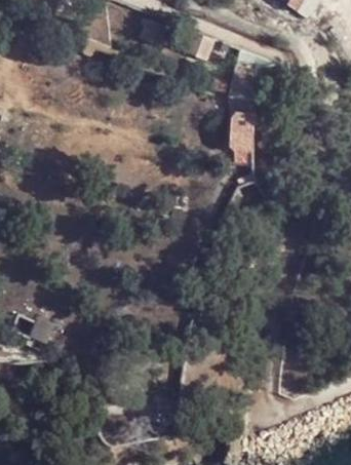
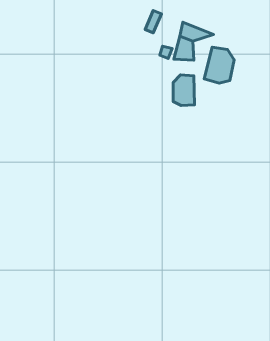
building: none -> [204,47,234,83]

